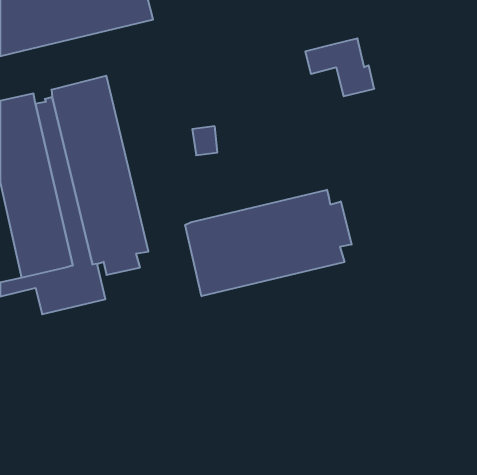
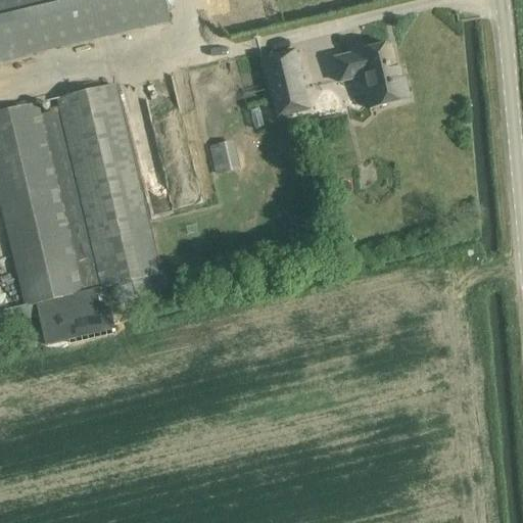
building: none -> [262,48,311,116]
building: [185,190,352,296] -> none

